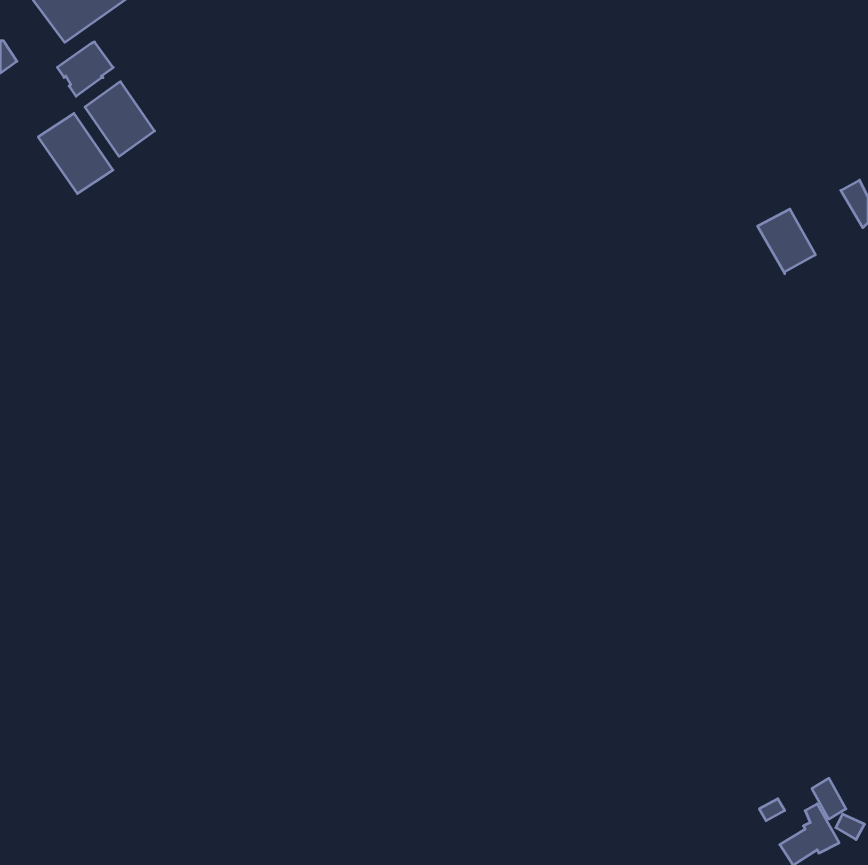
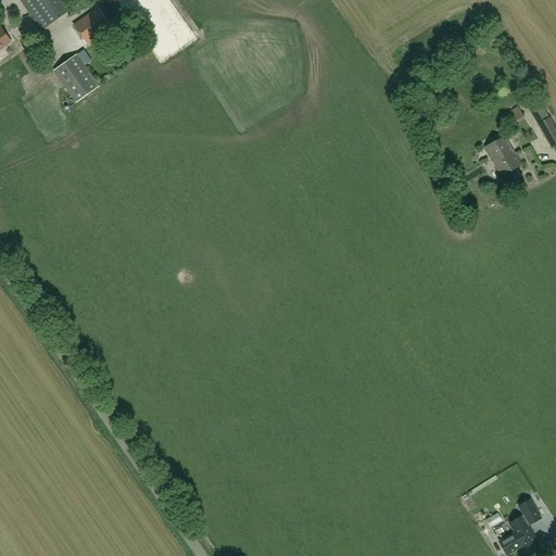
building: [57,42,113,96] -> [71,10,106,45]
building: [38,113,113,194] -> none

